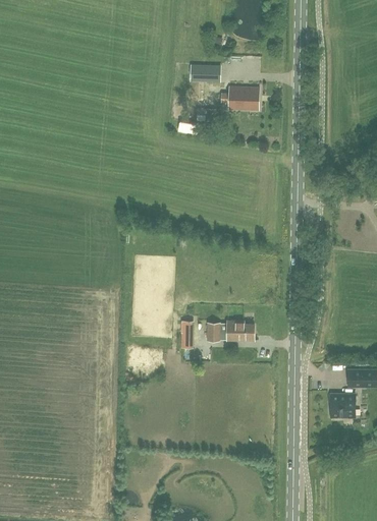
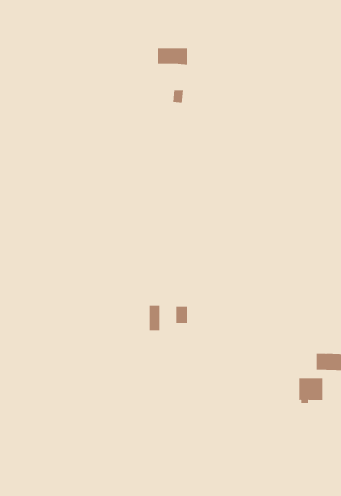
building: [227,86,258,109] -> none
building: [226,321,253,340] -> none

